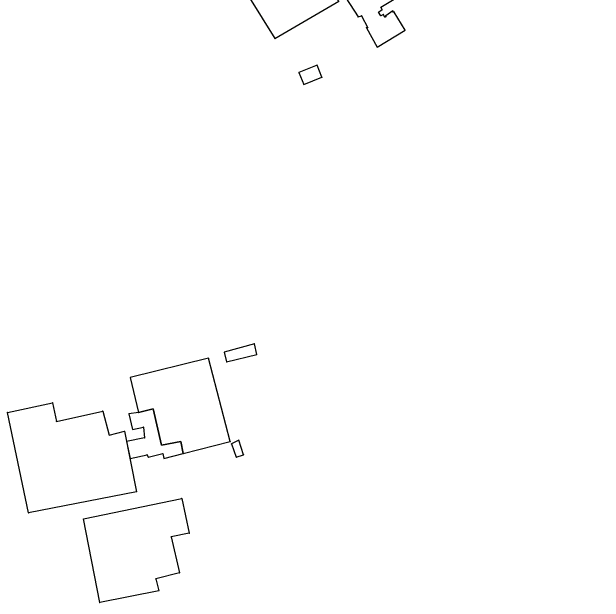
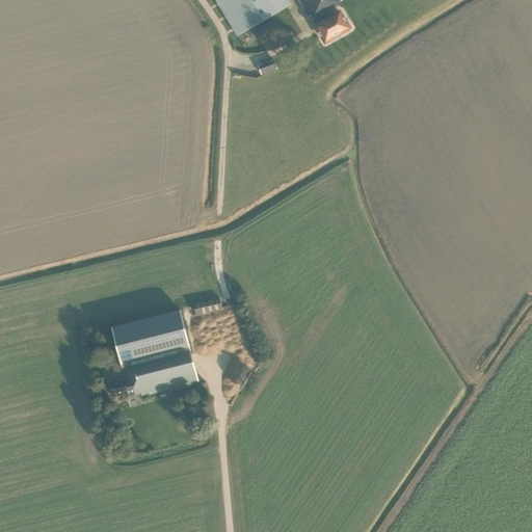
building: [7,403,137,513] -> none
building: [84,498,189,603] -> none

